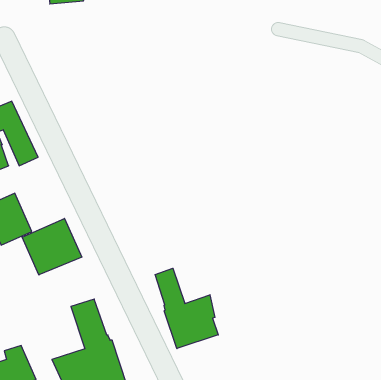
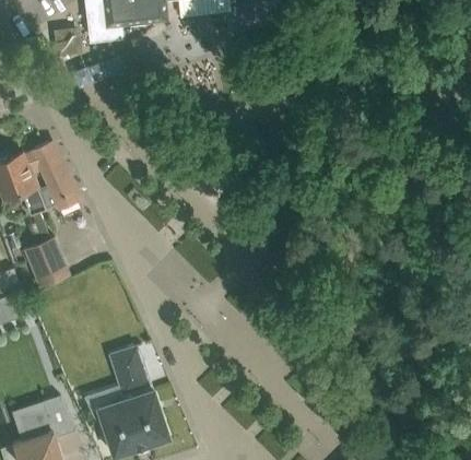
building: [22,218,82,275] -> none
building: [155,268,218,349] -> none

